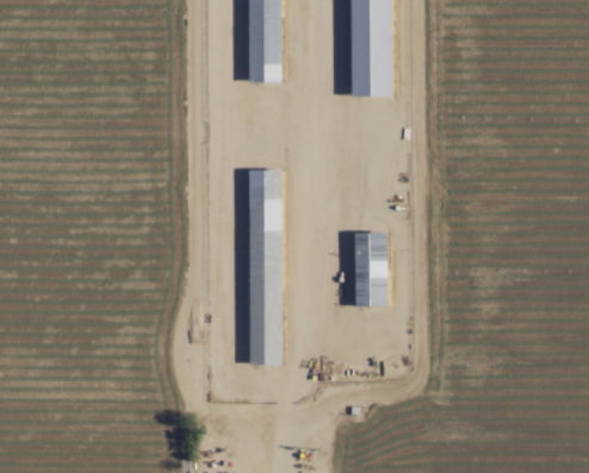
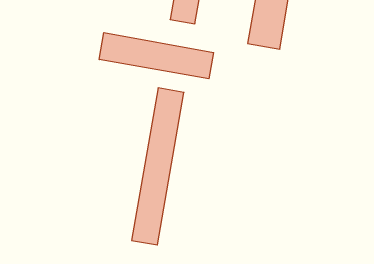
building: none -> [99,33,214,79]
building: [355,234,388,307] -> none

